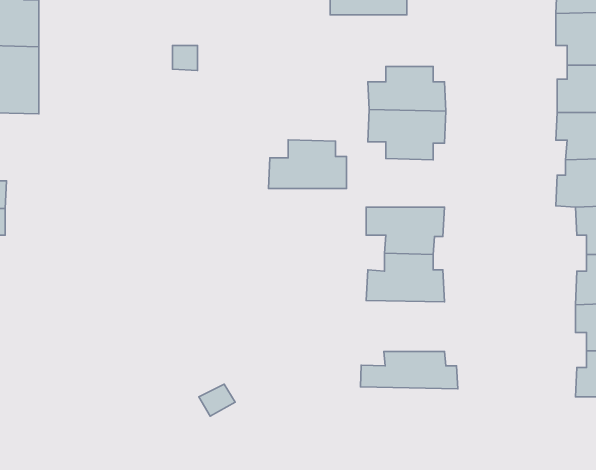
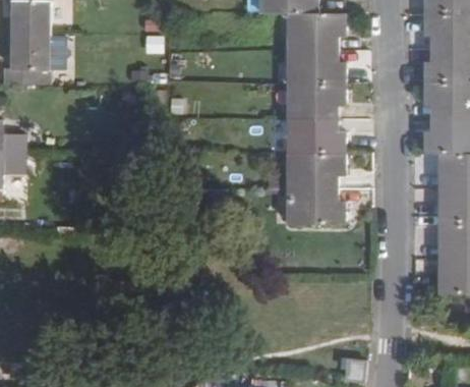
building: none -> [289,14,345,52]
building: [269,140,347,188] -> [287,119,344,155]
building: [361,352,458,389] -> none

